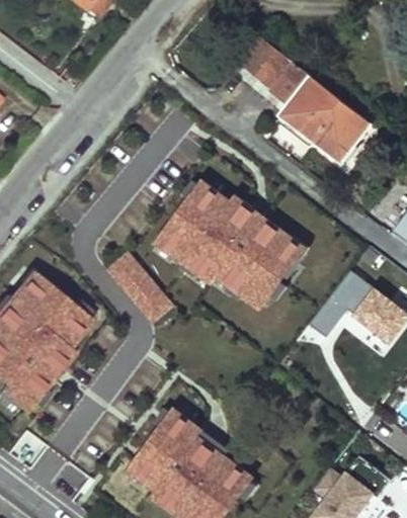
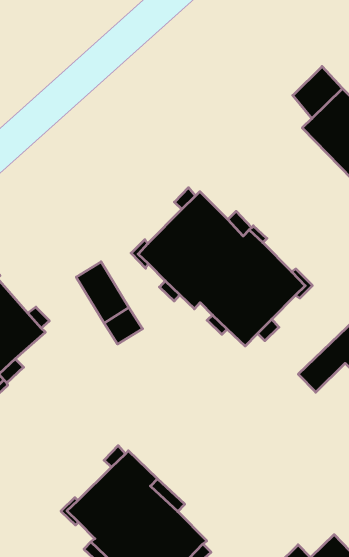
building: [241,37,292,89] -> none

